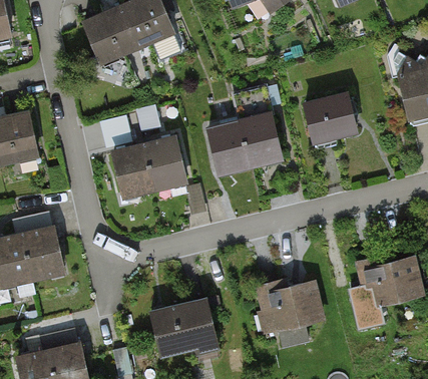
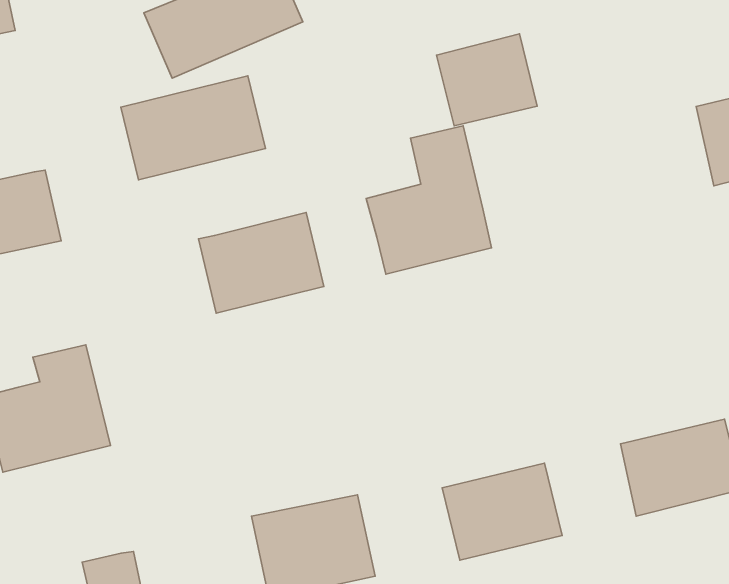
building: none -> [121,76,266,180]
building: [300,95,357,147] -> [436,34,537,126]

